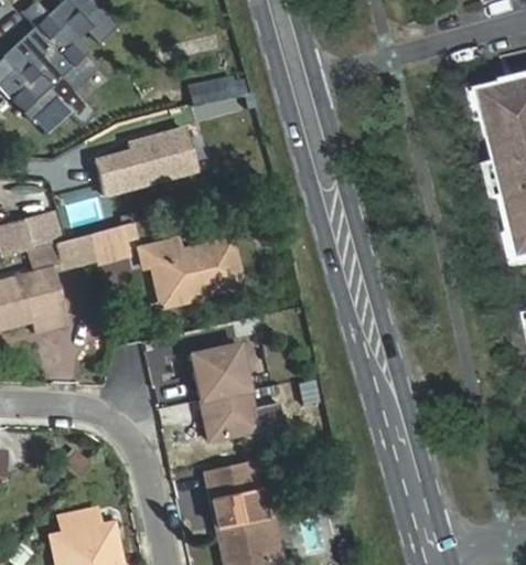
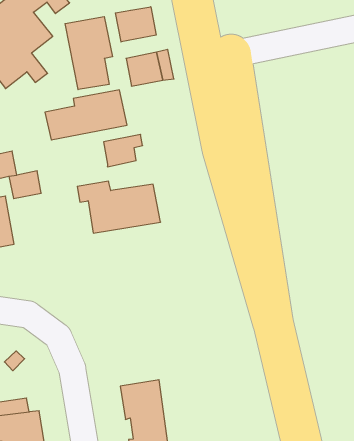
building: none -> [115,7,156,42]
building: none -> [65,17,112,90]
building: [89,221,137,263] -> [104,134,143,167]
building: [189,344,256,440] -> none

